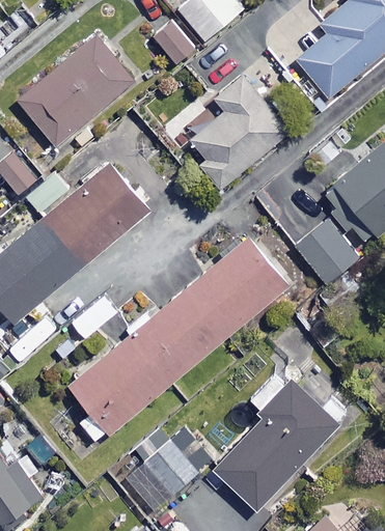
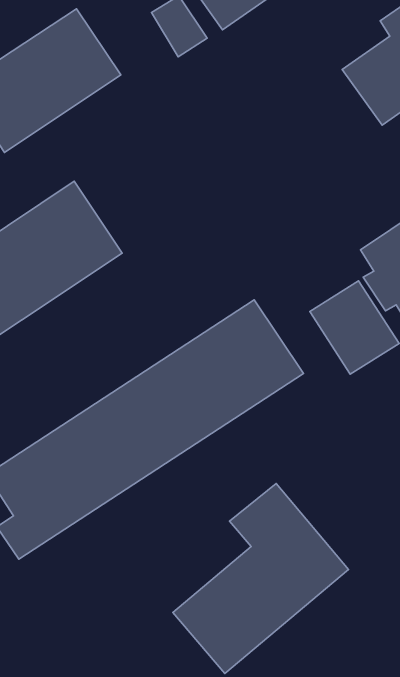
building: [189,63,292,189] -> none
building: [120,429,212,515] -> none

